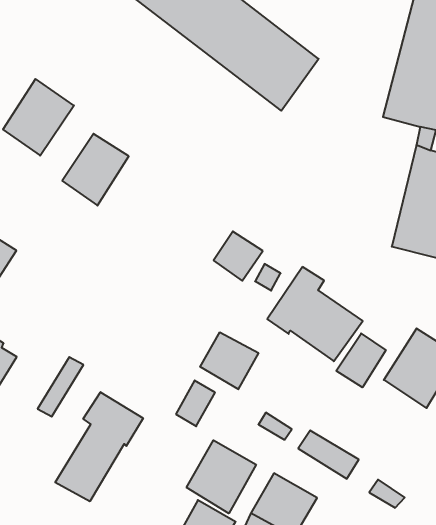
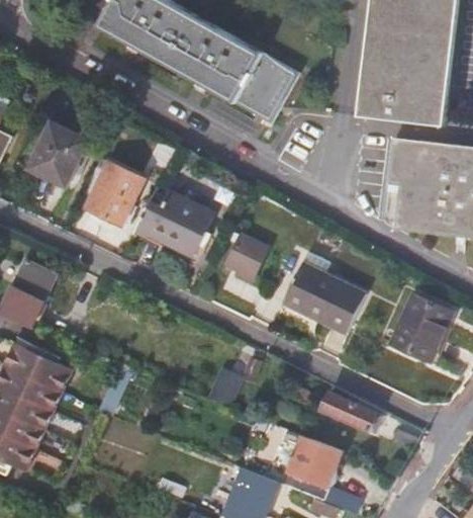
building: none -> [135,187,213,258]
building: [200,332,258,389] -> none
building: [336,333,386,387] -> none
building: [55,392,143,501] -> none
building: [187,440,256,513] -> none

